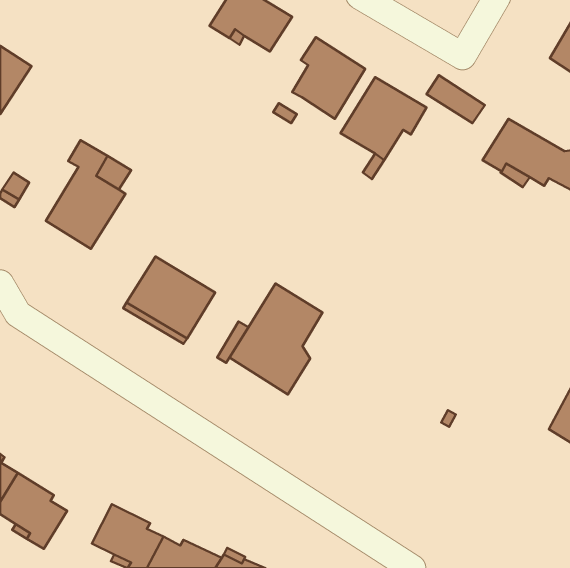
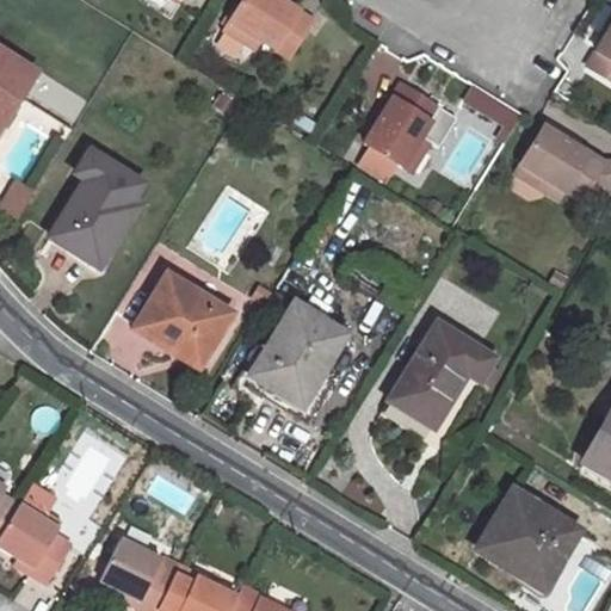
building: [292,37,365,119] -> none
building: none -> [390,321,493,426]
building: none -> [477,489,578,587]

